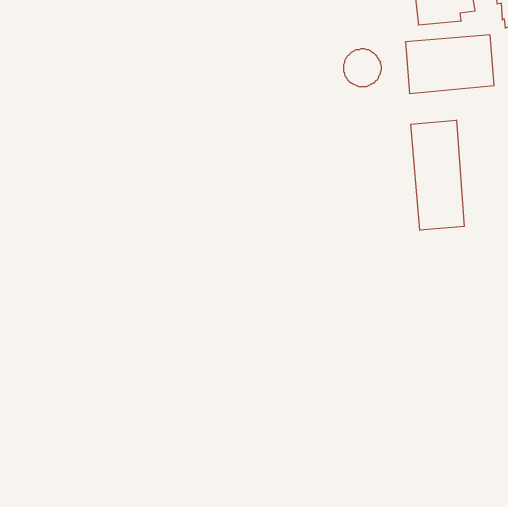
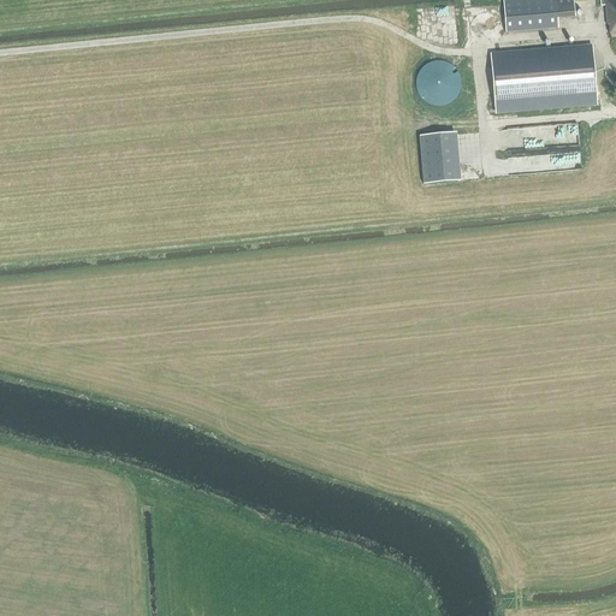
building: none -> [419,131,458,183]
building: [411,120,464,230] -> none

